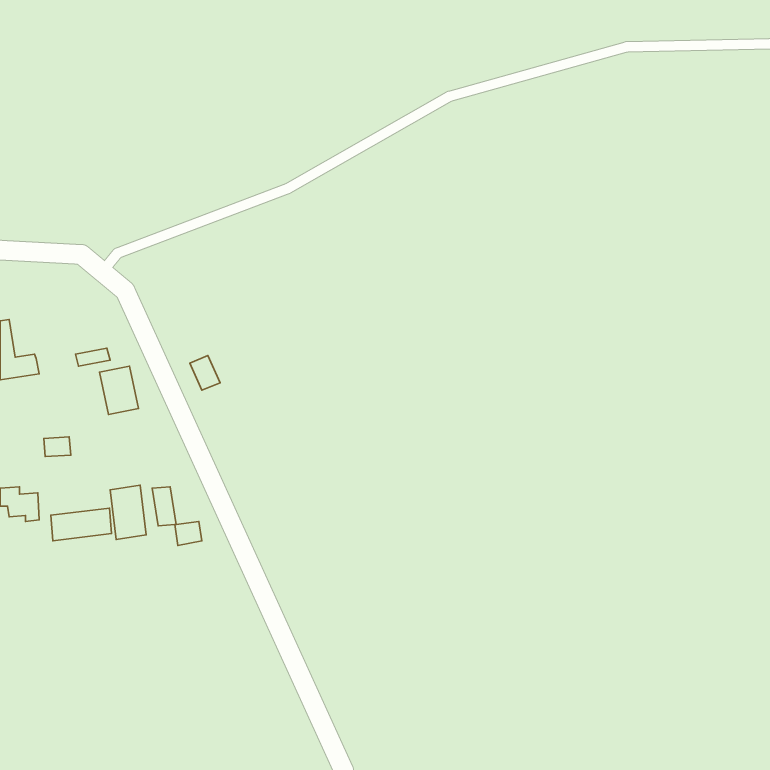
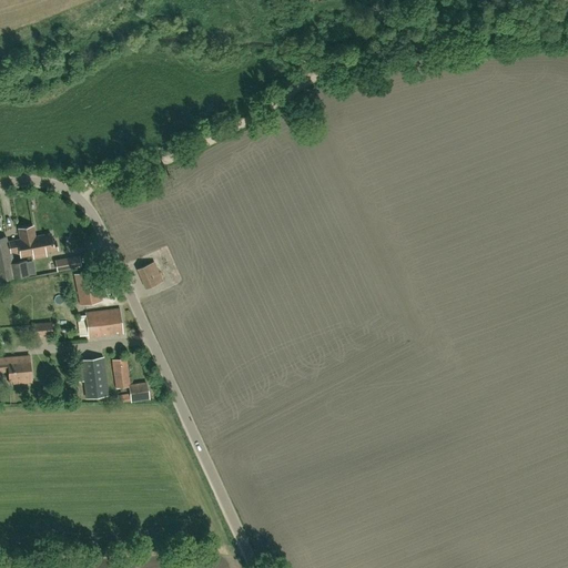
building: none -> [10,225,58,257]
building: none -> [85,307,123,337]
building: [51,508,111,541] -> none

